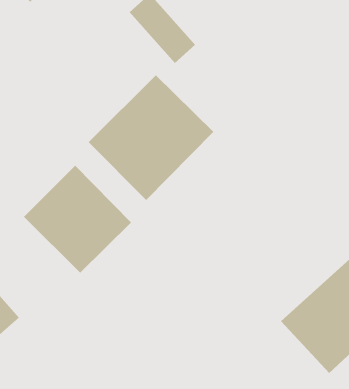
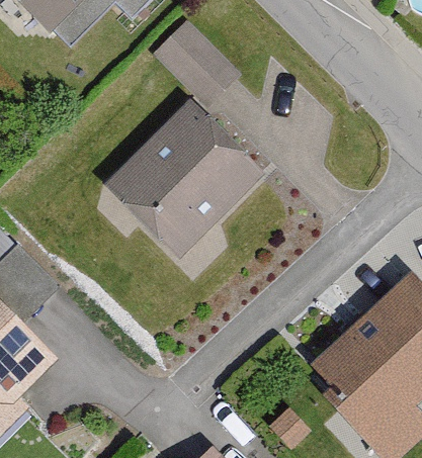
building: [23,165,132,274] -> none

